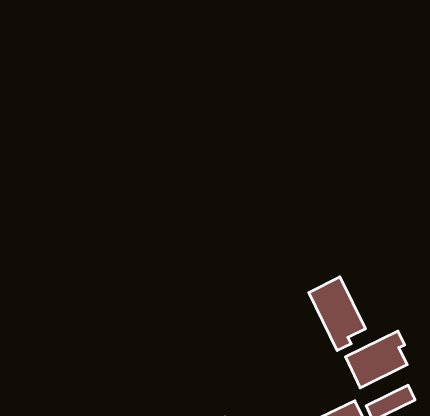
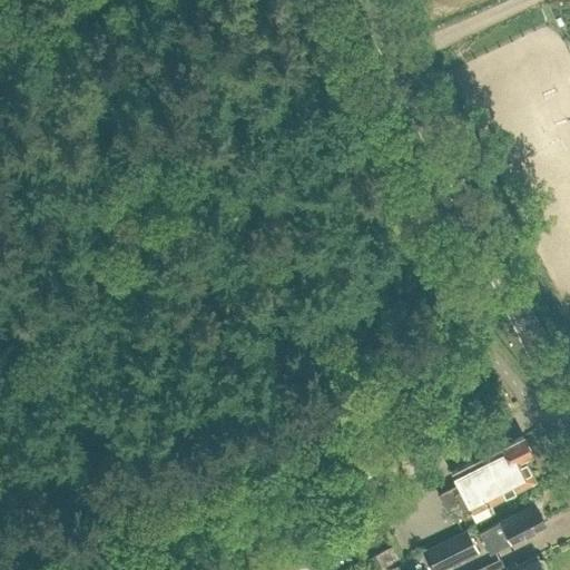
building: [309,277,365,351] -> none

